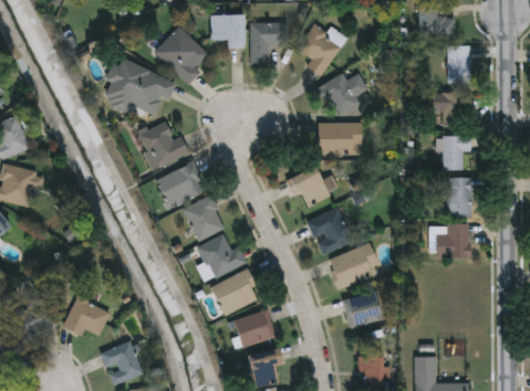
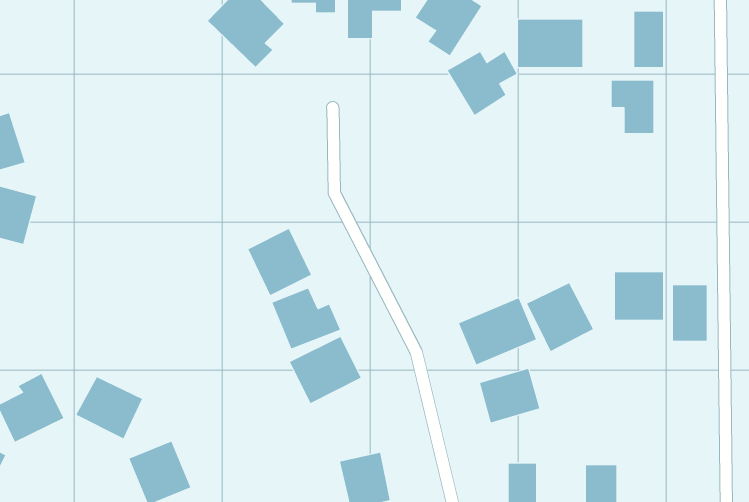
building: [100,56,176,115] -> none
building: [138,120,188,169] -> none
building: [315,123,361,156] -> [517,19,583,68]
building: [436,136,469,170] -> none
building: [156,162,207,208] -> none
building: [284,166,329,208] -> none
building: [445,178,469,216] -> [672,285,708,341]
building: [305,208,352,255] -> [526,283,594,352]
building: [232,309,274,347] -> none

